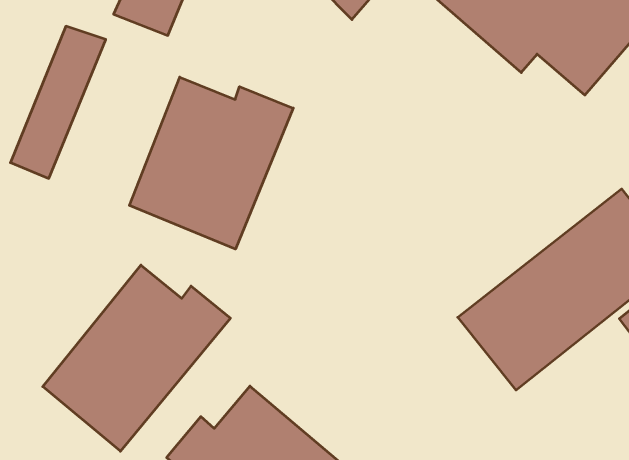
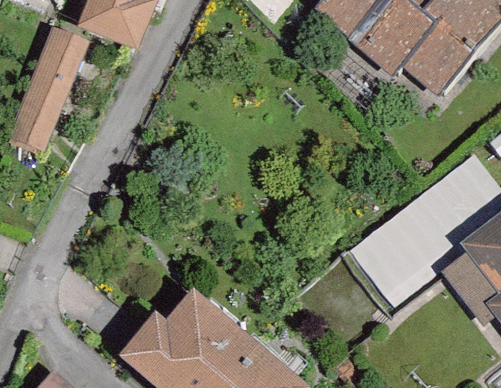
building: [129,77,293,249] -> none
building: [43,265,230,451] -> none

